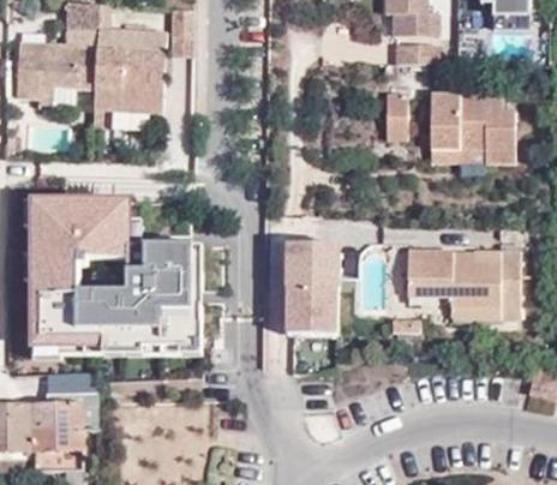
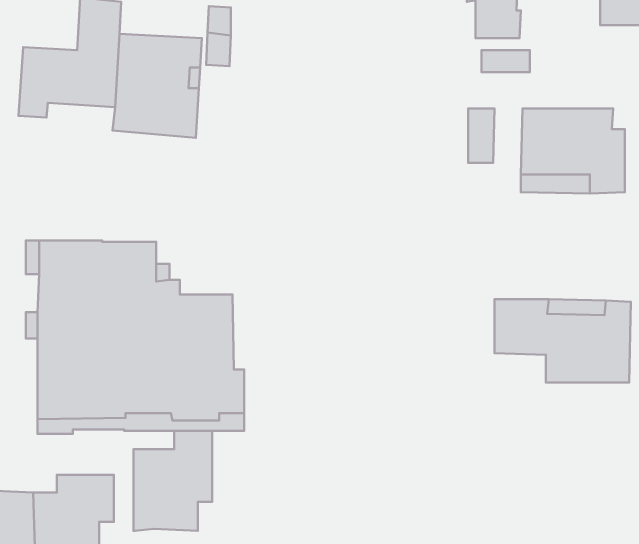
building: [288,242,339,334] -> none
building: none -> [134,431,212,531]

